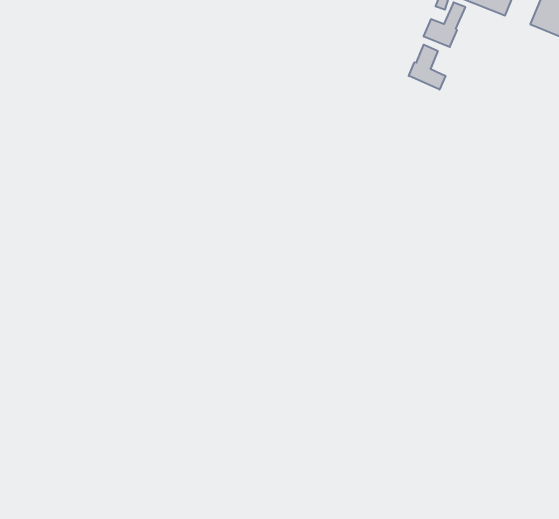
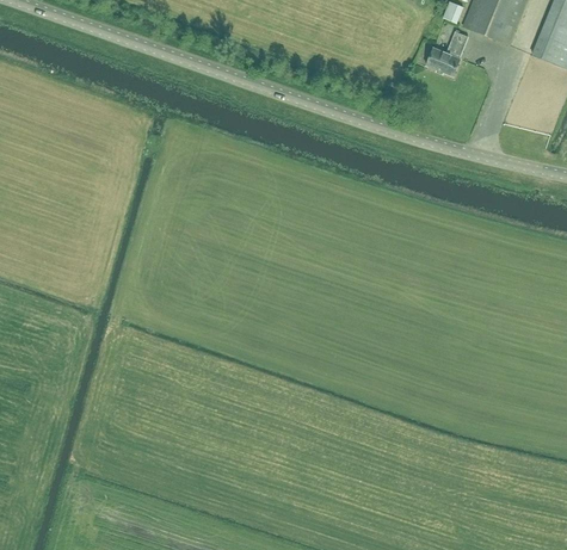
building: [409,45,445,90] -> none

